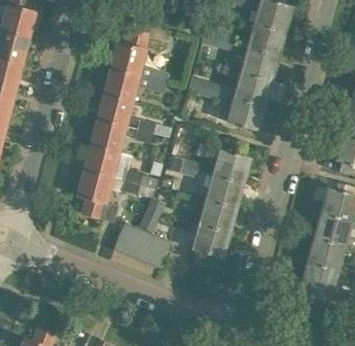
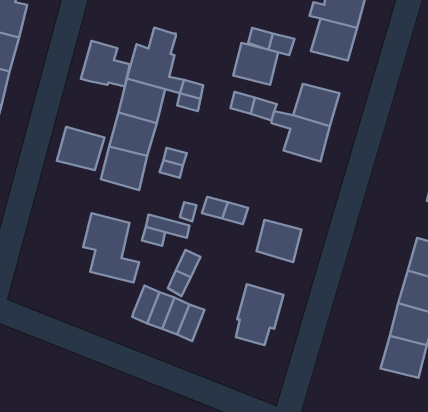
building: none -> [81,41,130,87]
building: [243,46,277,78] -> [233,43,278,85]
building: [83,143,119,176] -> [57,127,104,170]
building: [214,150,249,181] -> none
building: [201,198,236,231] -> none

